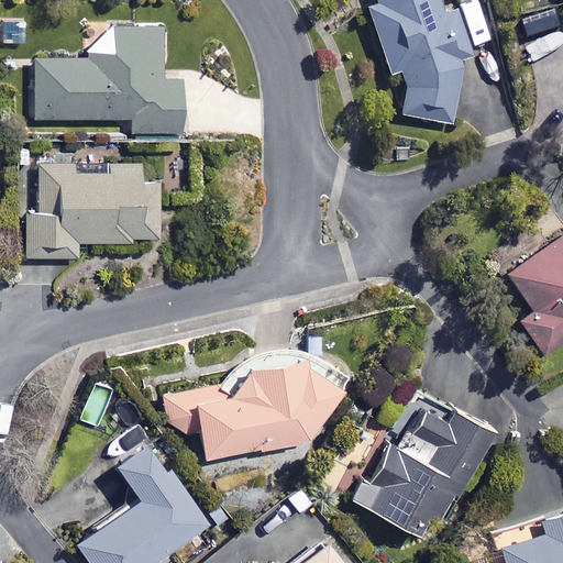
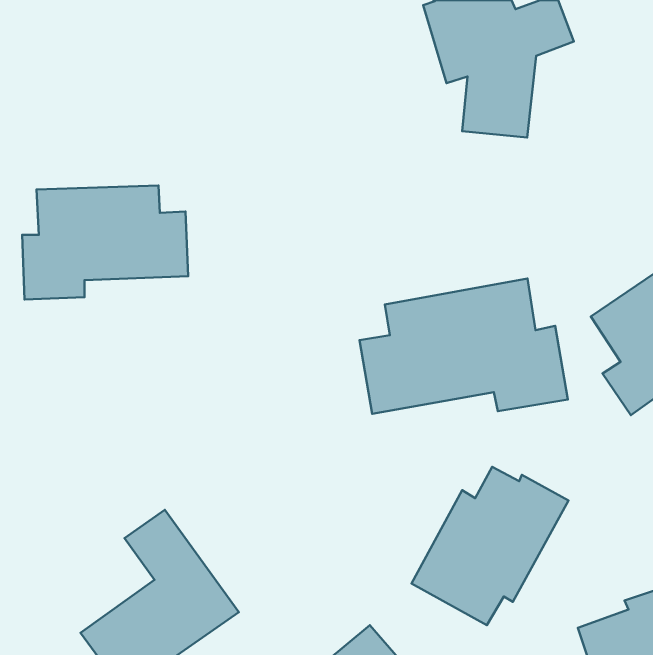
building: [37,27,186,135] -> none
building: none -> [359,278,568,414]
building: [166,358,339,461] -> none

